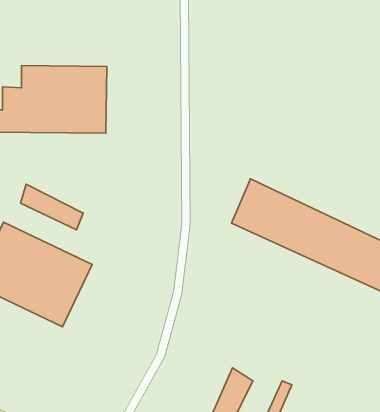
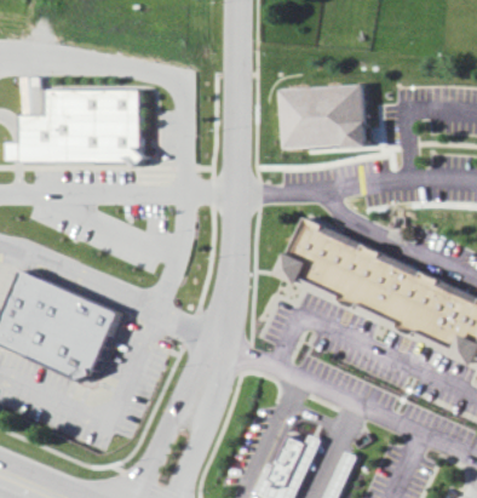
building: none -> [280,84,367,147]
building: [21,184,83,230] -> none

